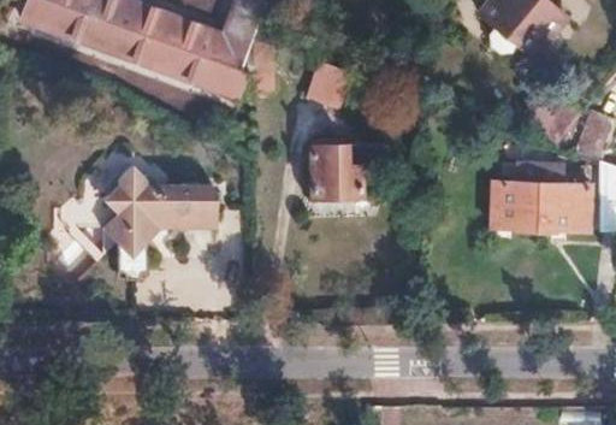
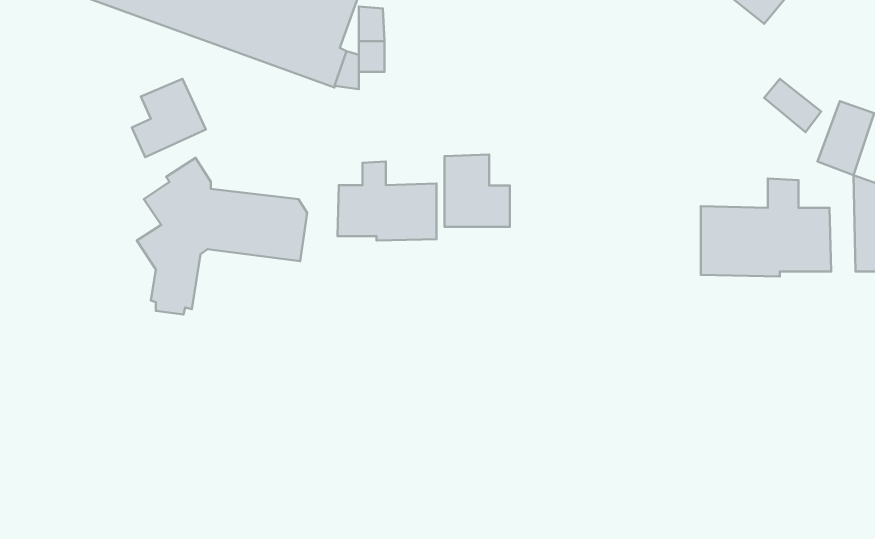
building: [307,61,349,111] -> none
building: none -> [132,79,206,157]
building: none -> [338,161,437,240]

